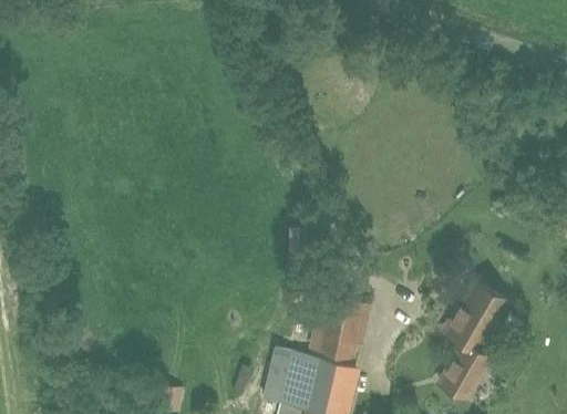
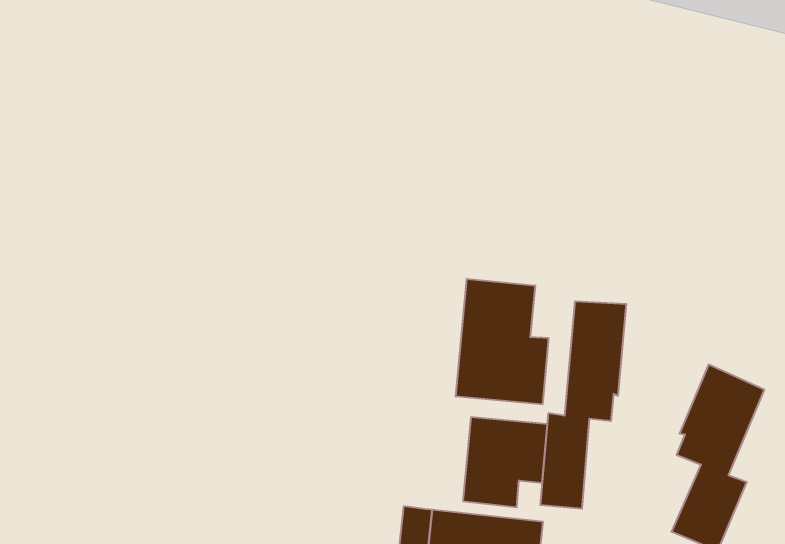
building: none -> [456,279,548,404]
building: none -> [540,301,626,509]

